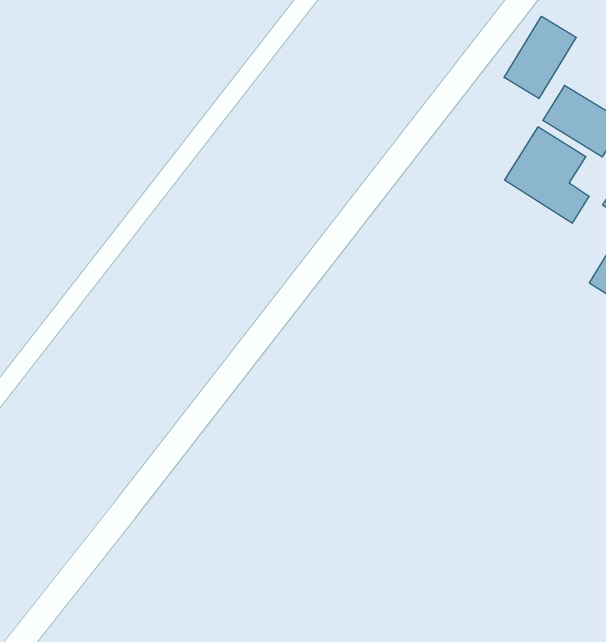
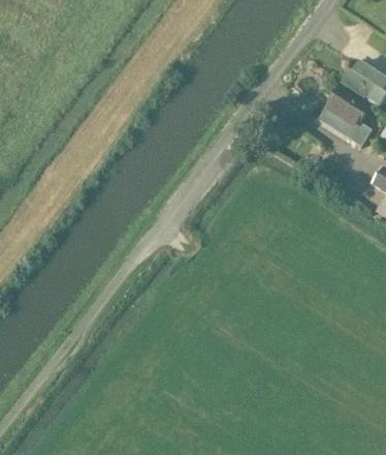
building: [504,16,576,99] -> none

